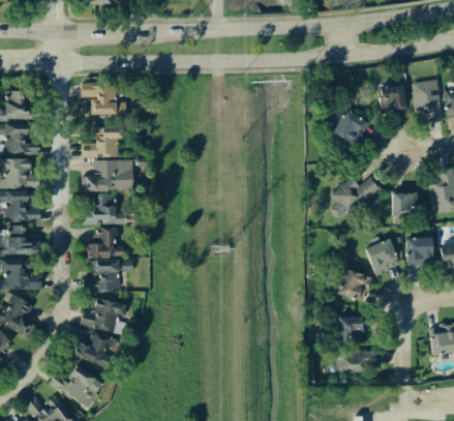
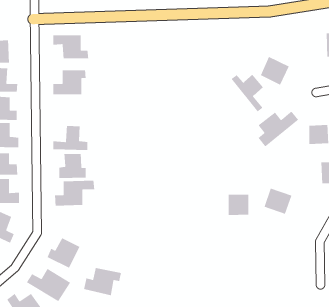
building: [380,86,404,112] -> none
building: none -> [231,74,264,113]
building: [85,160,133,191] -> none
building: [365,239,399,274] -> none
building: [81,298,127,333] -> [83,267,122,296]
building: [338,317,364,343] -> [228,194,249,216]
building: [336,351,377,378] -> none

